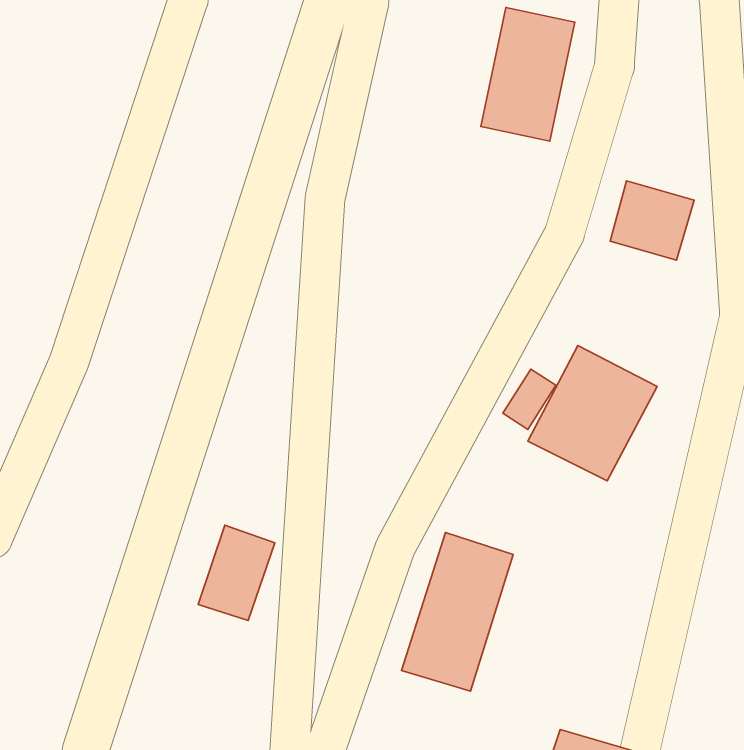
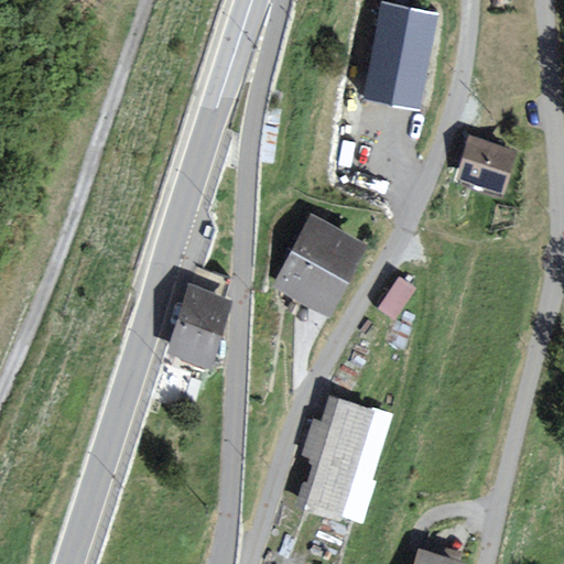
building: [528,345,657,481] -> [273,214,370,315]
building: [198,525,275,621] -> [166,291,224,362]

